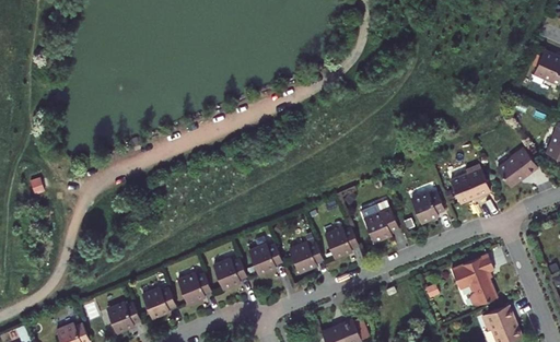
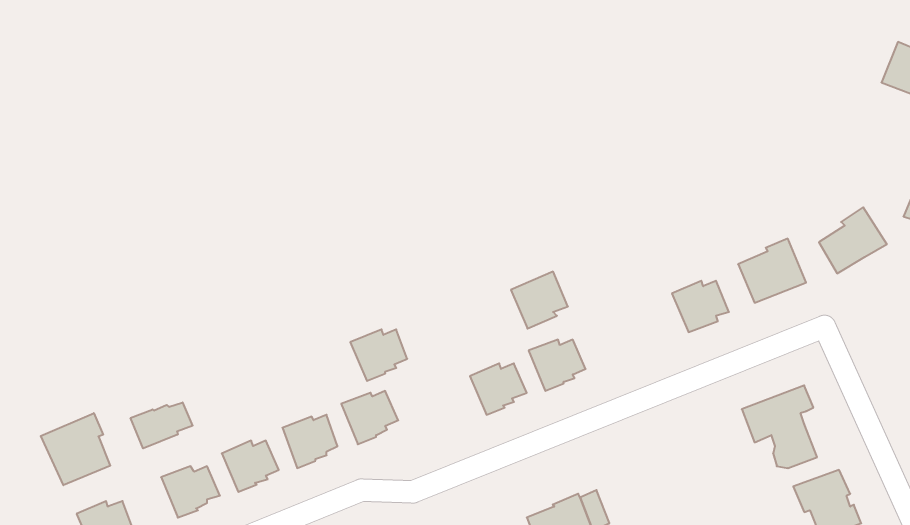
building: [363,208,397,241] -> [511,272,568,329]
building: [247,244,281,274] -> [350,329,407,381]
building: none -> [131,402,193,448]
building: none -> [41,413,110,485]

